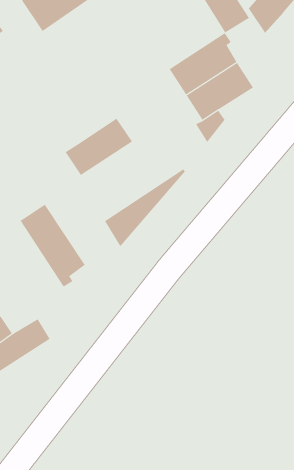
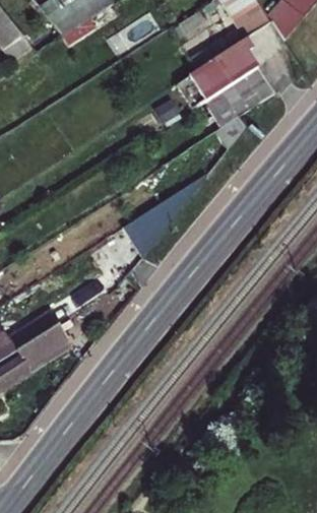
building: [65,118,133,176] -> none
building: [20,204,85,287] -> none

